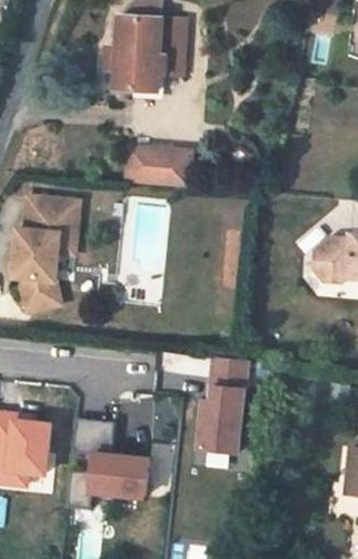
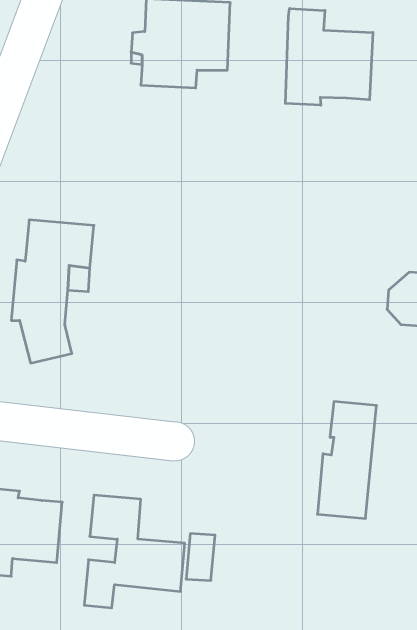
building: none -> [285,8,373,105]
building: [122,146,189,186] -> none
building: [200,357,248,452] -> [317,402,377,518]

